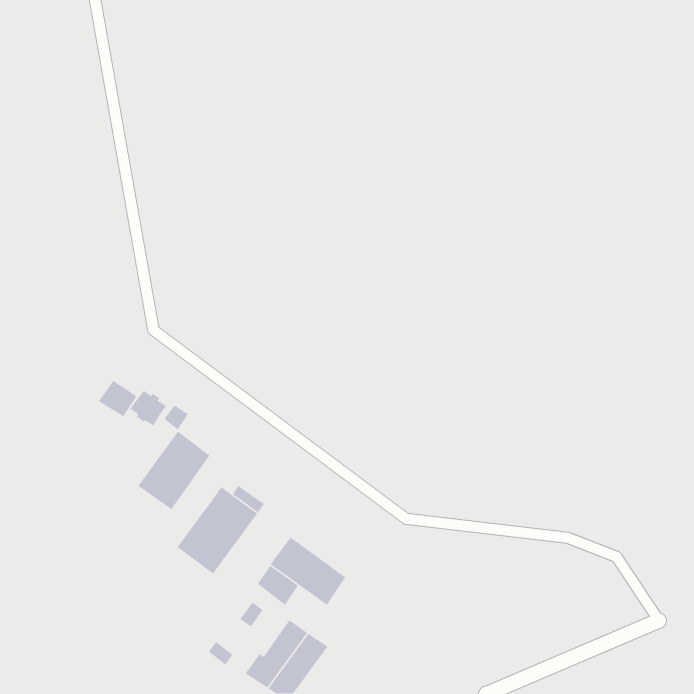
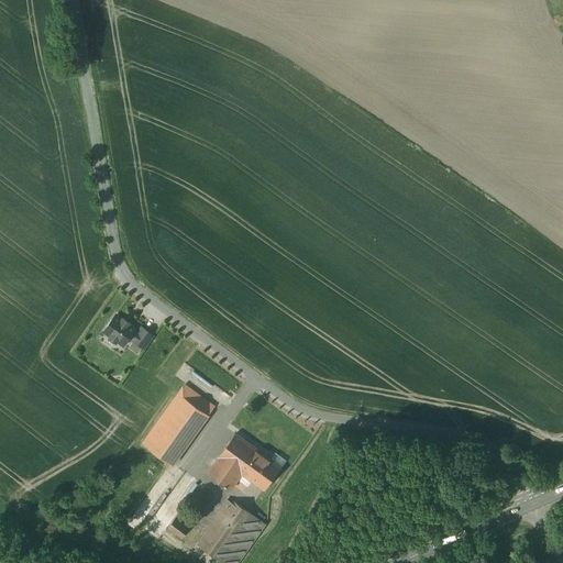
building: [98,380,137,417] -> none
building: [138,431,210,510] -> none

